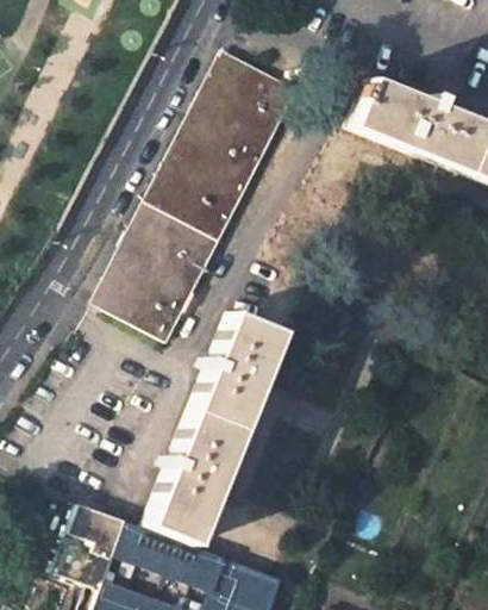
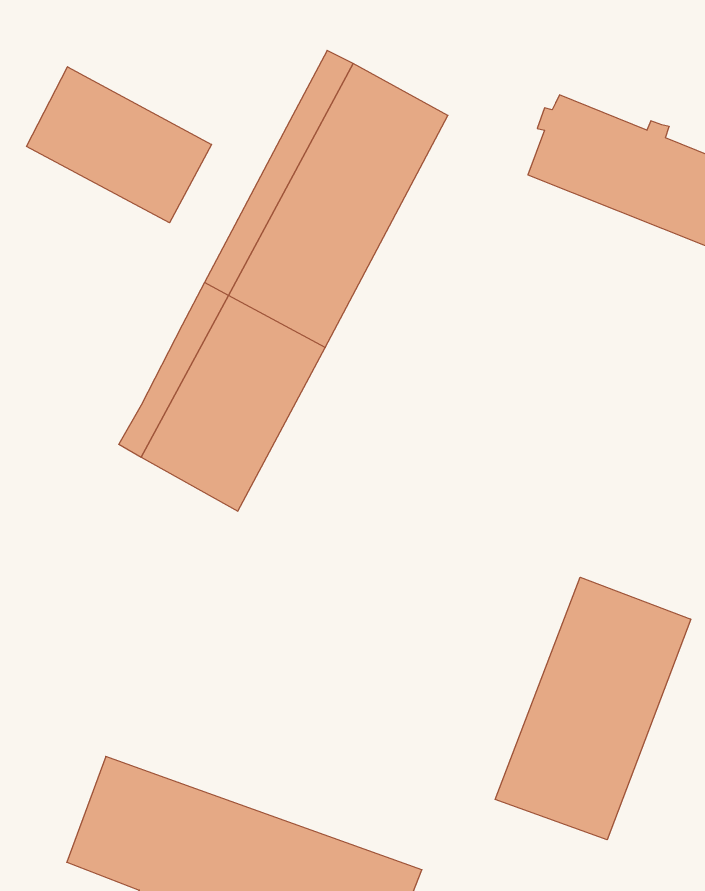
building: none -> [27,67,212,223]
building: [151,307,284,541] -> none
building: none -> [495,577,691,840]

